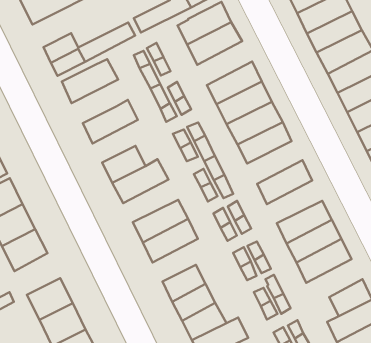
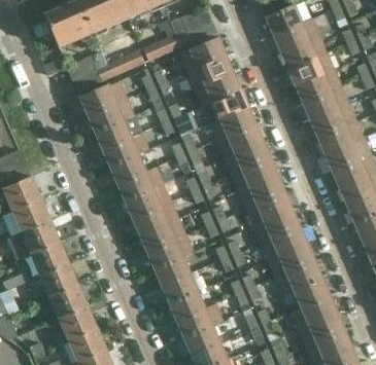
building: none -> [195,72,241,107]
building: none -> [88,98,135,133]
building: none -> [103,133,149,167]
building: none -> [232,158,278,192]
building: none -> [126,184,172,218]
building: none -> [246,192,293,226]
building: none -> [147,235,195,269]
building: none -> [31,240,69,273]
building: none -> [275,260,322,295]

